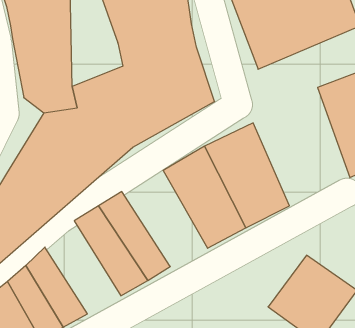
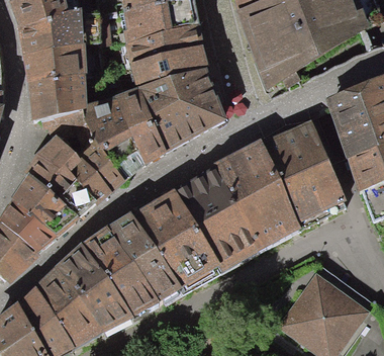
building: none -> [265,120,346,225]
building: none -> [133,189,219,285]
building: none -> [57,240,132,333]

